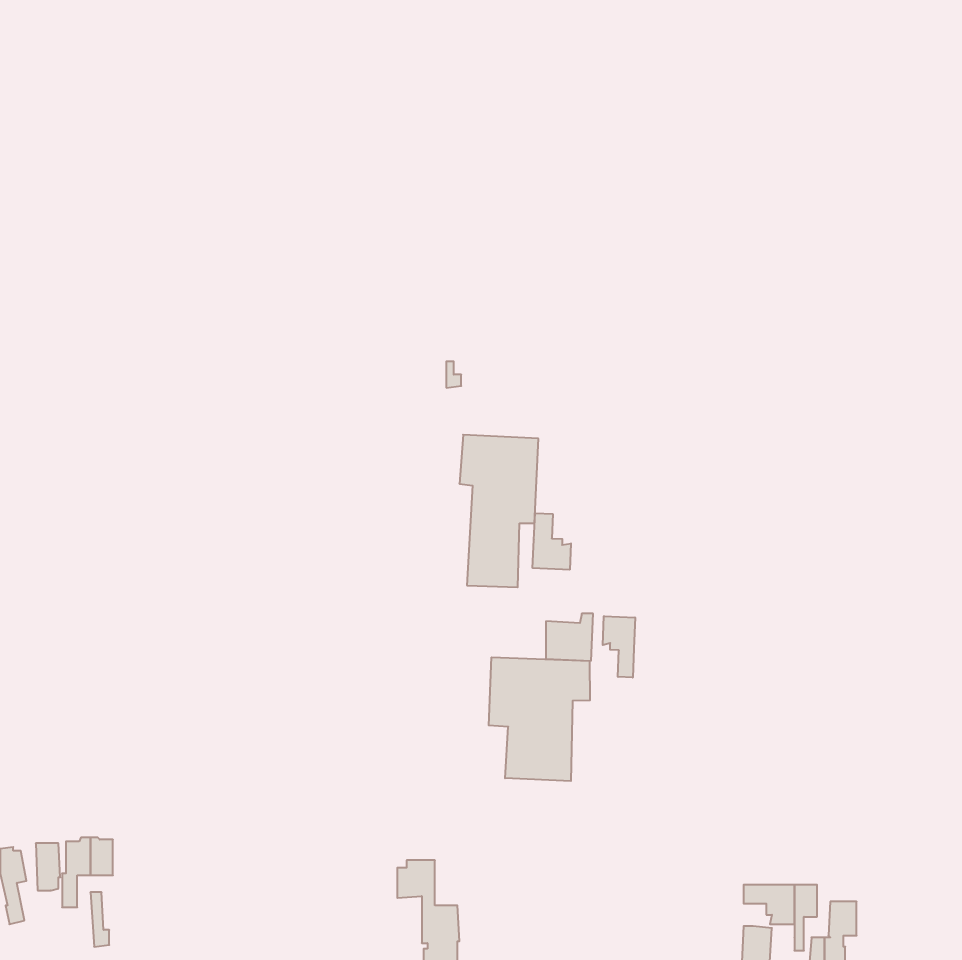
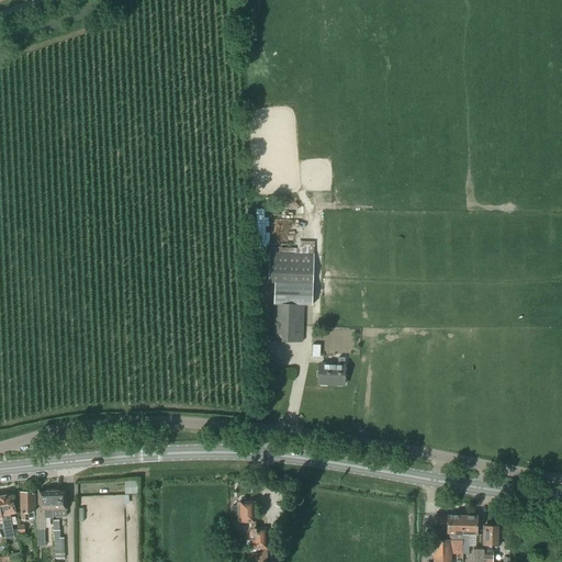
building: [533,513,571,570] -> none
building: [603,616,635,678] -> none
building: [489,657,590,781] -> none

